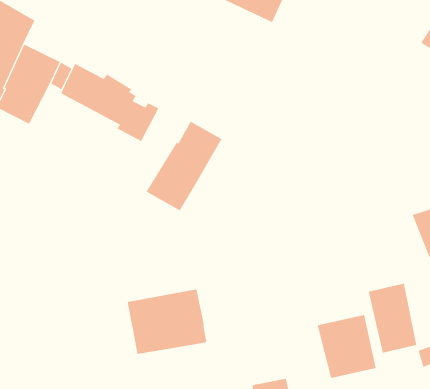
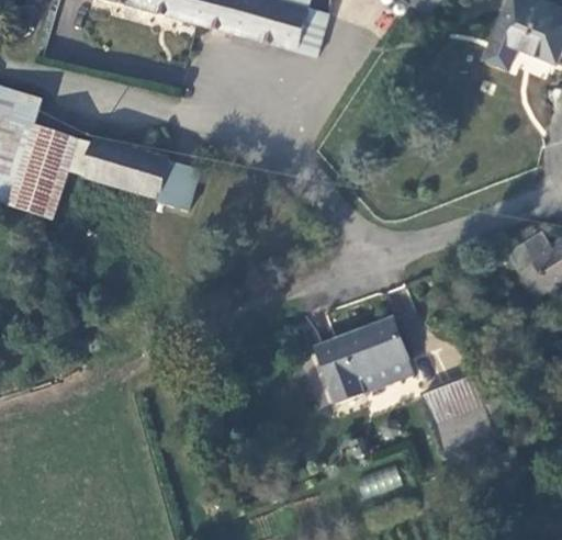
building: [146,121,222,211] -> none
building: [368,283,417,354] -> none
building: [127,289,207,355] -> [315,317,414,403]

